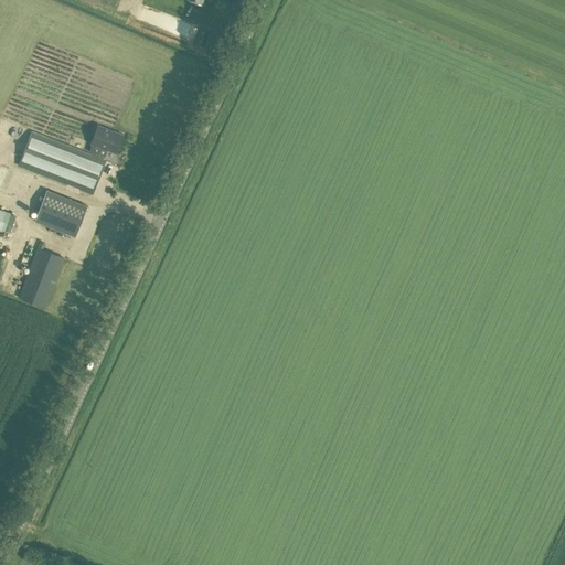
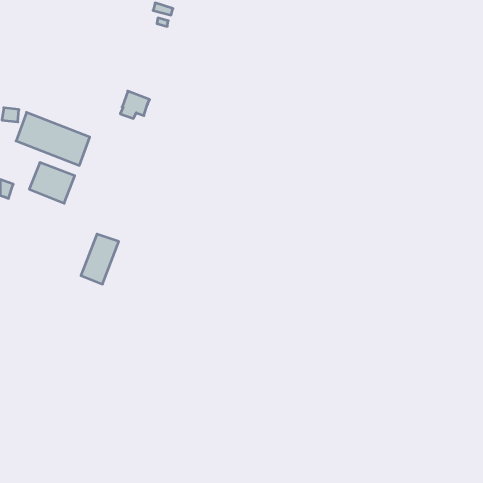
building: [88,126,122,158] -> [120,91,150,118]
building: [19,248,63,307] -> [81,234,119,284]

